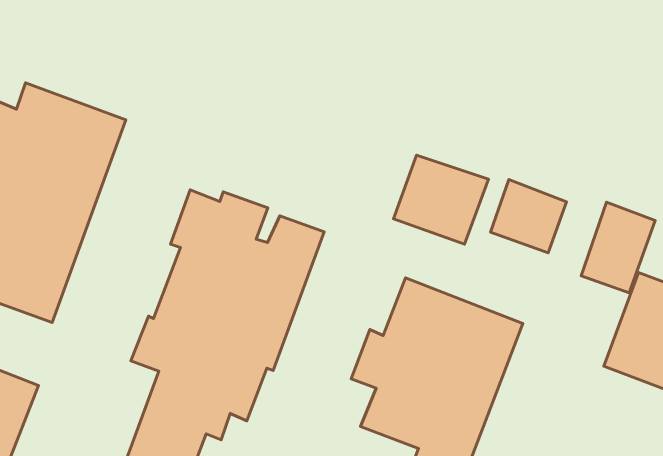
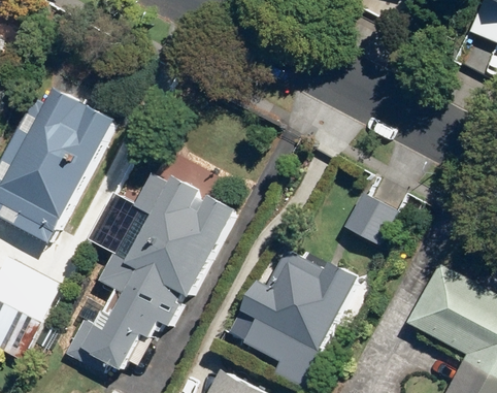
building: [394,155,489,244] -> none
building: [581,202,655,293] -> none

